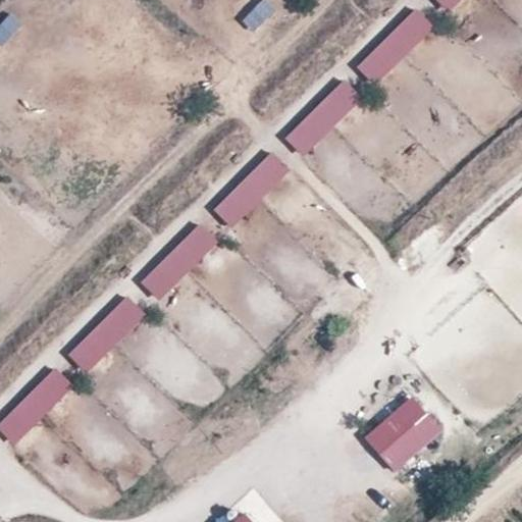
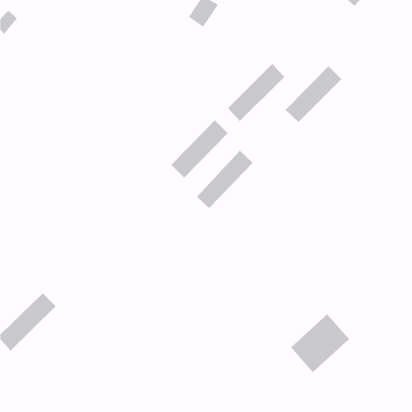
building: [359,9,431,82] -> [285,66,342,123]
building: [143,223,215,298] -> [196,150,254,209]
building: [70,297,145,372] -> none

